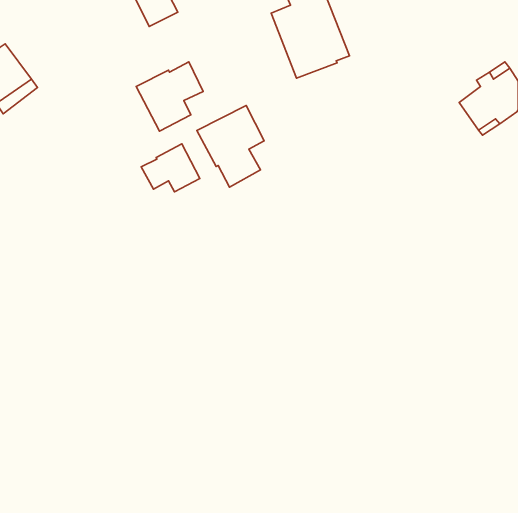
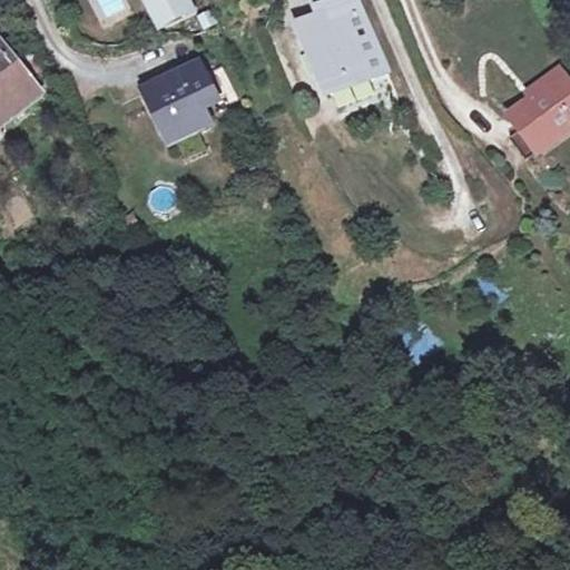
building: [197,106,264,187] -> none
building: [141,144,200,192] -> none

